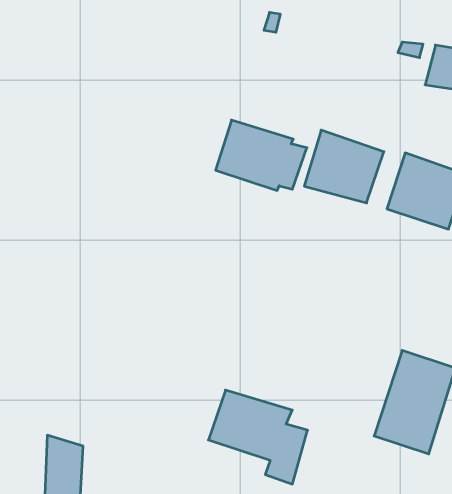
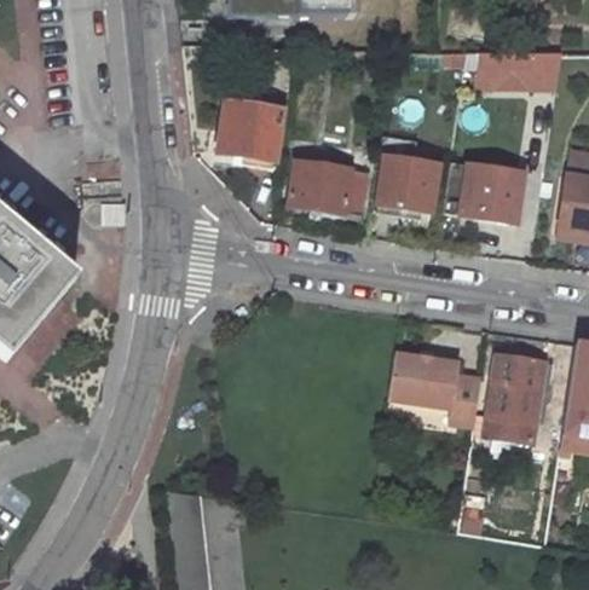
building: none -> [214,98,287,164]
building: [208,390,308,484] -> [388,349,483,429]

